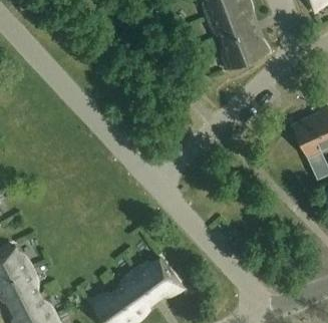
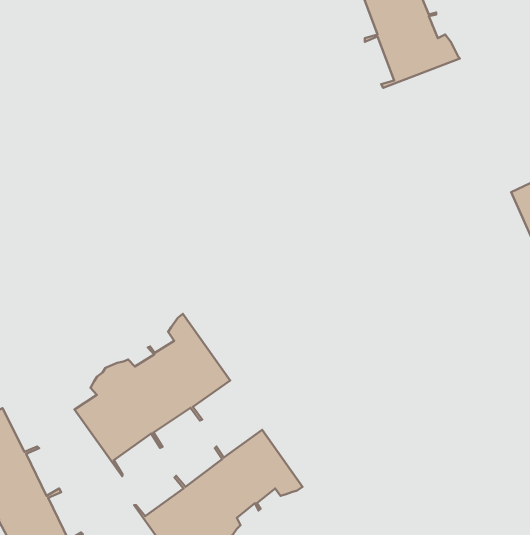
building: none -> [75,314,230,476]

